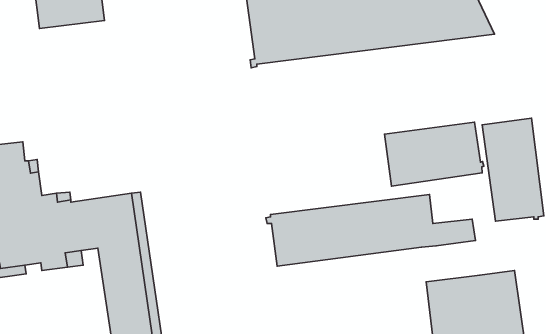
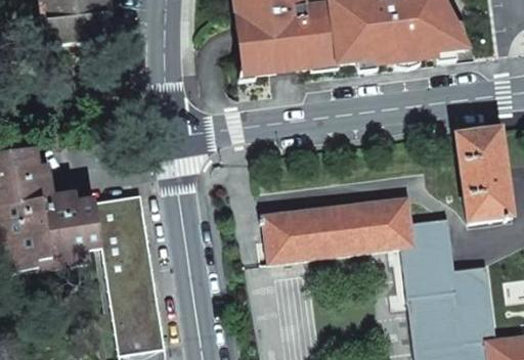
building: [385,122,484,186] -> none
building: none -> [399,238,452,276]

